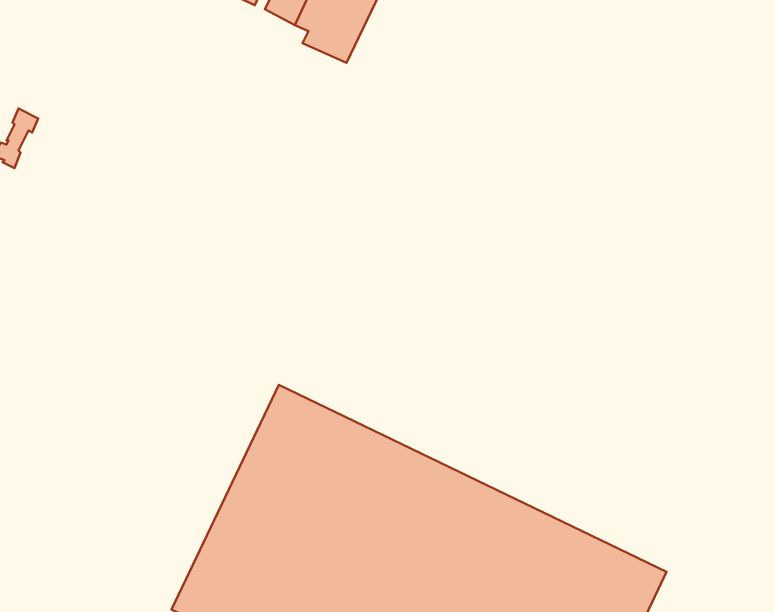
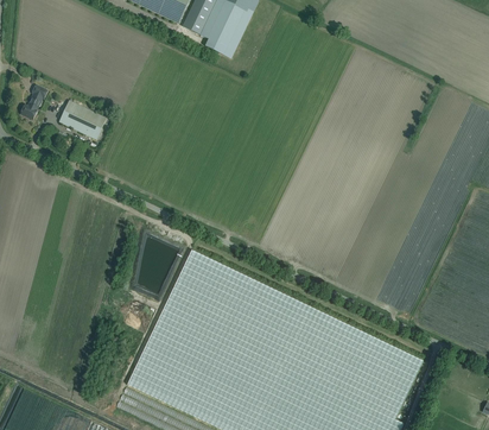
building: none -> [58,101,106,141]

